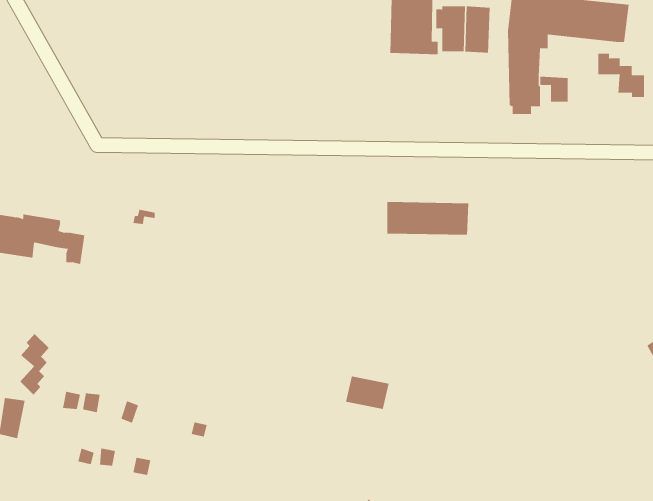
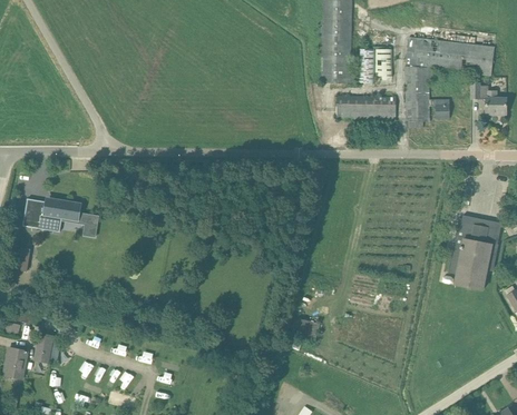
building: [387,202,469,235] -> [336,95,397,119]
building: none -> [448,214,501,289]
building: [20,333,49,395] -> none

